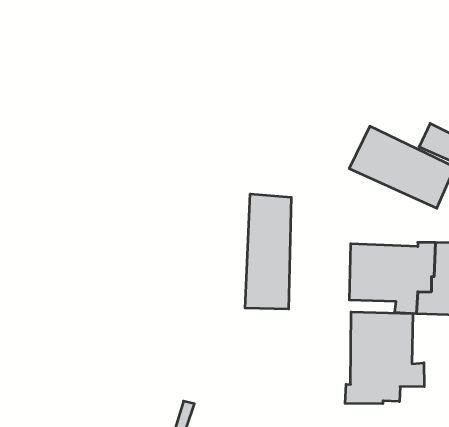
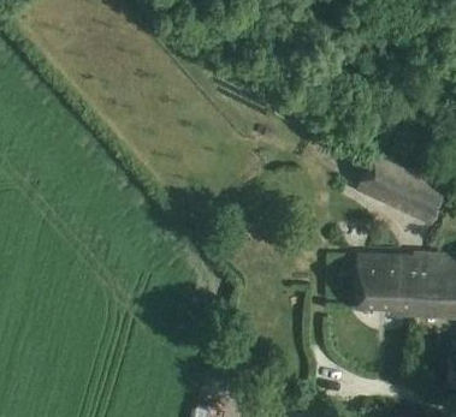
building: [245,194,291,309] -> none
building: [345,312,424,404] -> none

